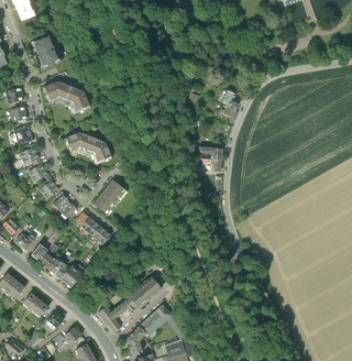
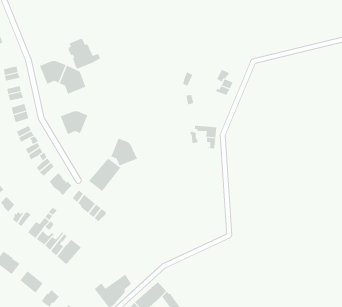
building: [34,35,67,67] -> [68,38,101,70]
building: [85,136,112,165] -> [110,138,138,166]
building: [130,277,162,307] -> none

